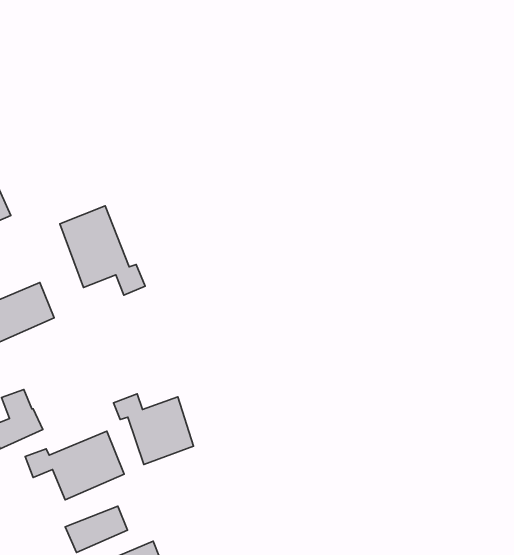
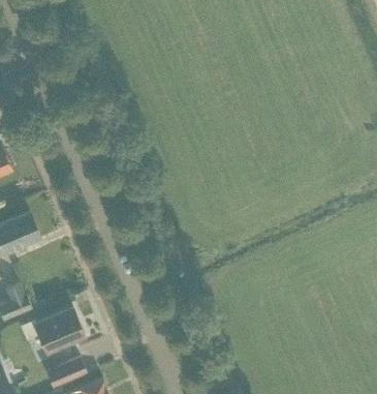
building: [60,206,145,295] -> none
building: [114,394,194,464] -> none

